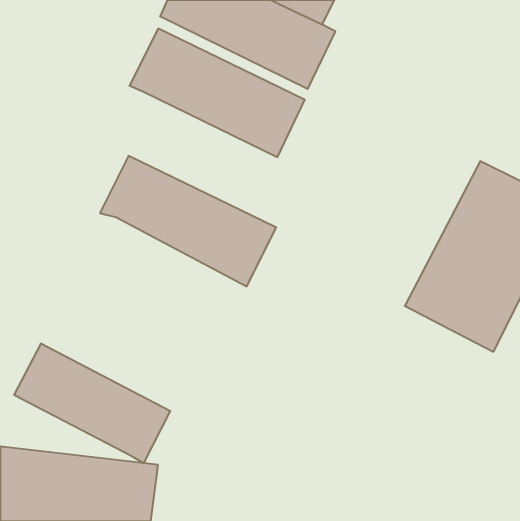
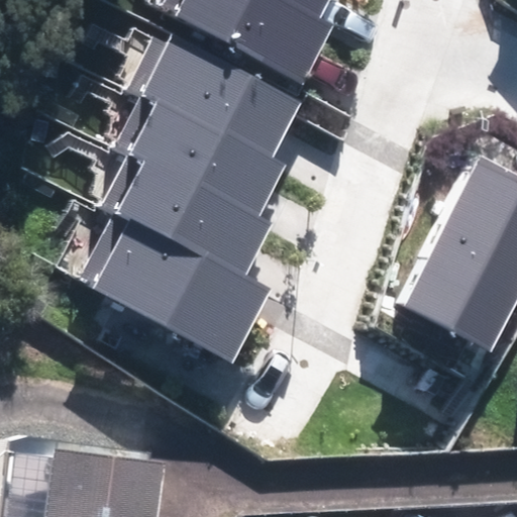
building: none -> [115,91,289,219]
building: none -> [79,215,268,366]
building: [14,343,170,463] -> none

